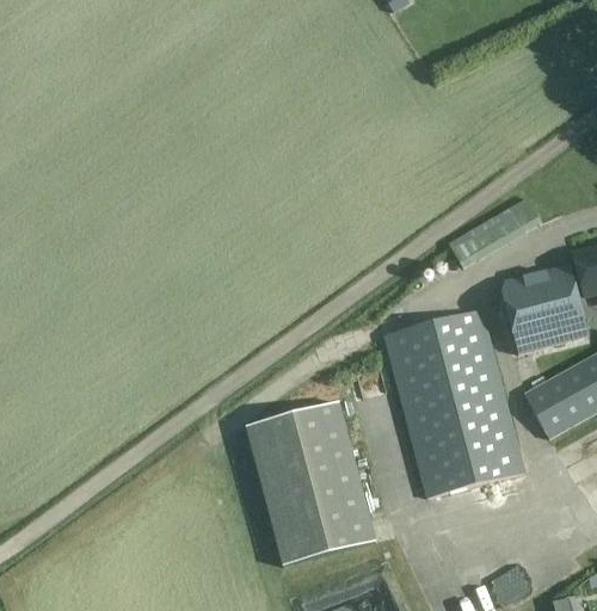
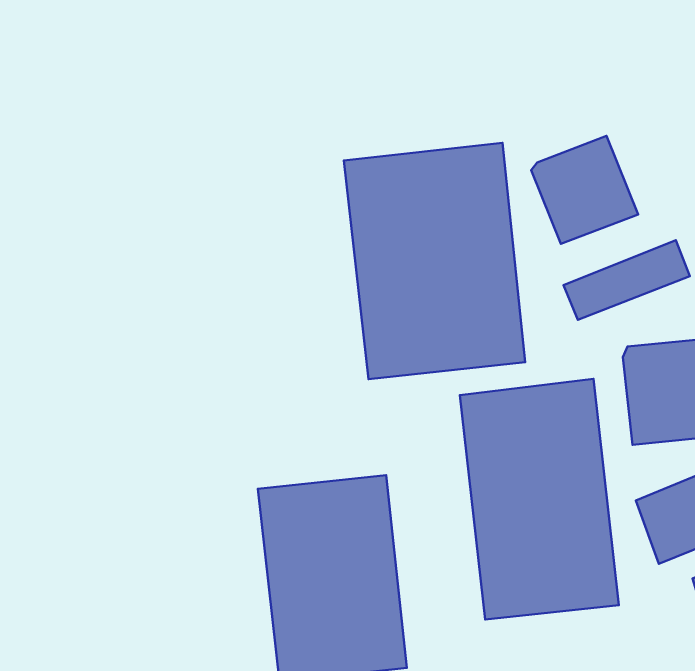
building: none -> [531,136,638,244]
building: none -> [344,143,525,379]

